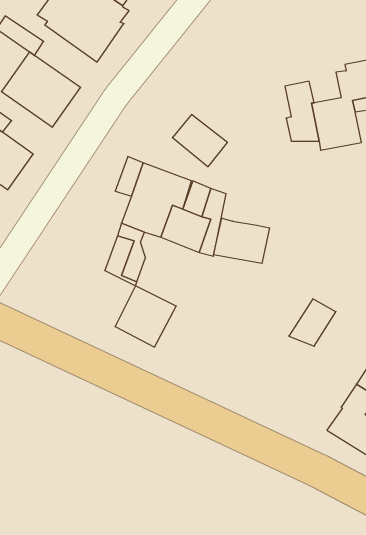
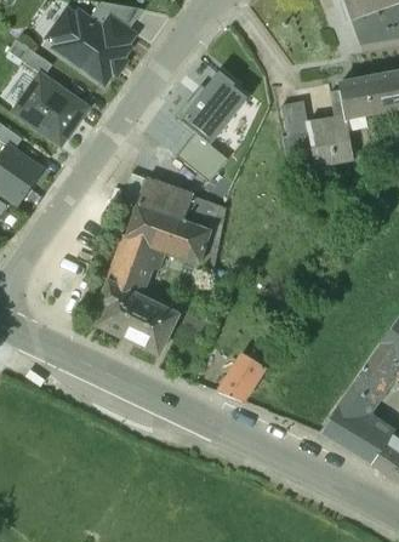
building: none -> [176,69,250,146]
building: [214,218,270,263] -> none
building: none -> [99,280,141,333]
building: [289,299,336,346] -> [220,355,264,400]

